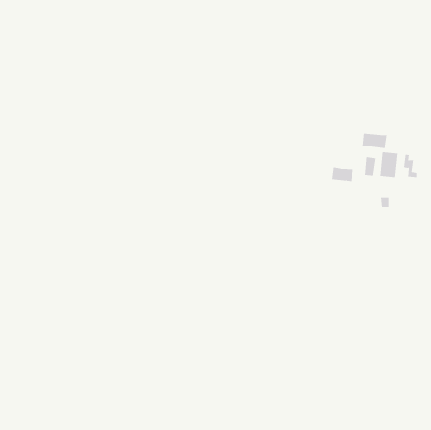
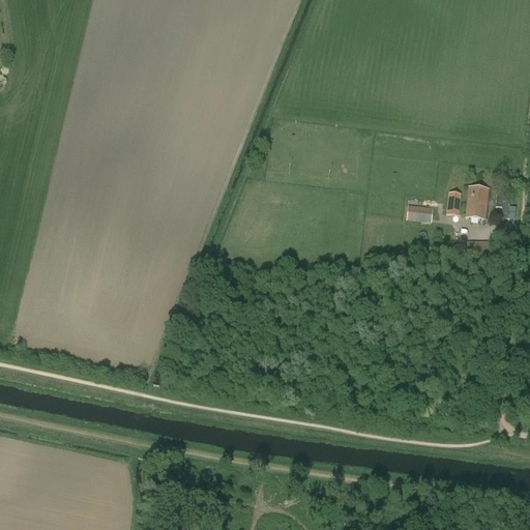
building: [362,133,387,149] -> none

